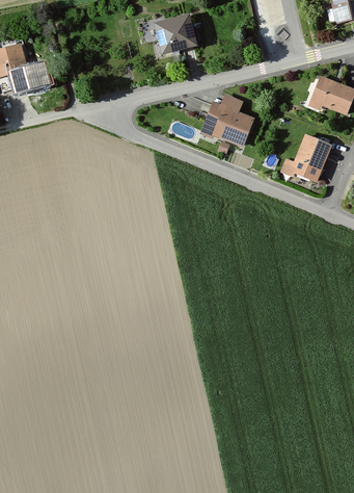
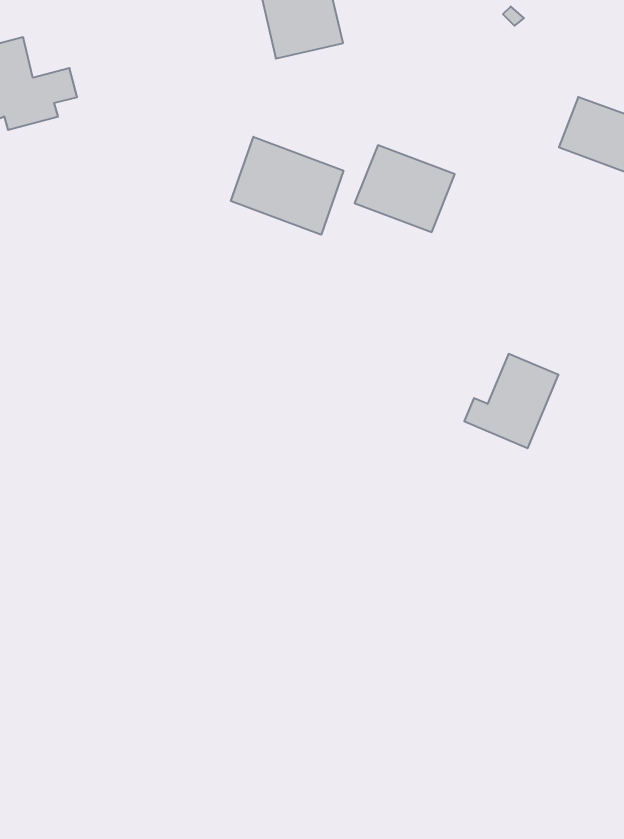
building: none -> [231,137,343,235]
building: [281,134,332,185] -> [464,354,559,448]

